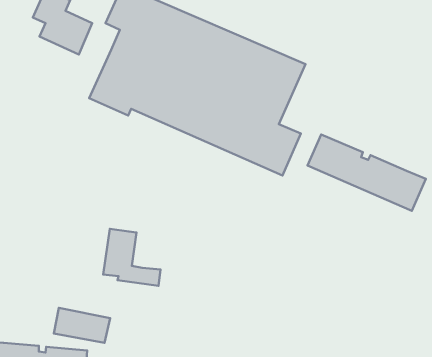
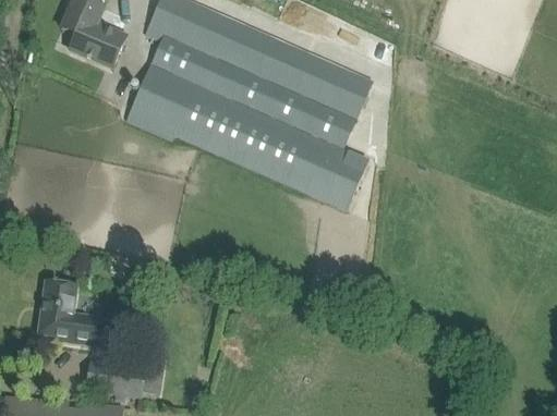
building: [307,135,426,211] -> none
building: [103,229,160,286] -> [38,280,104,345]

